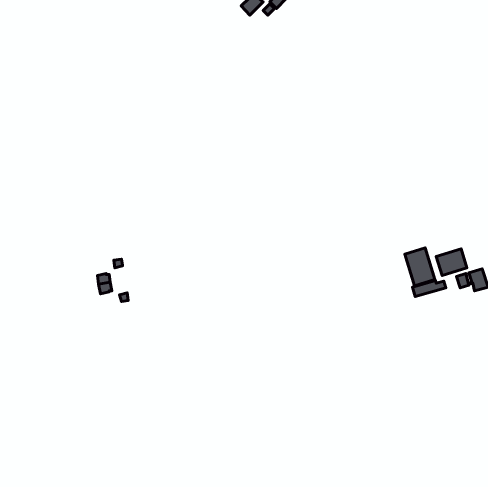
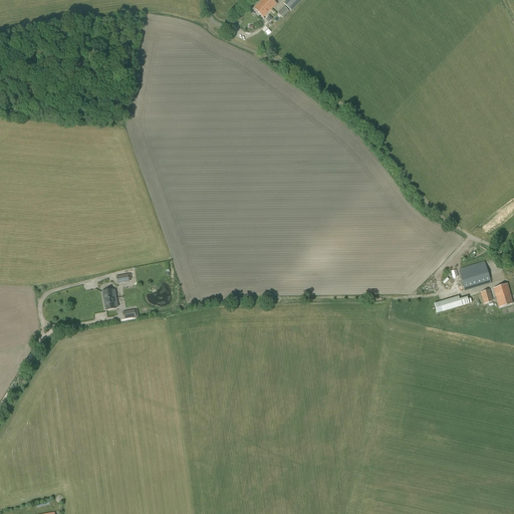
building: [405,248,435,286] -> none

